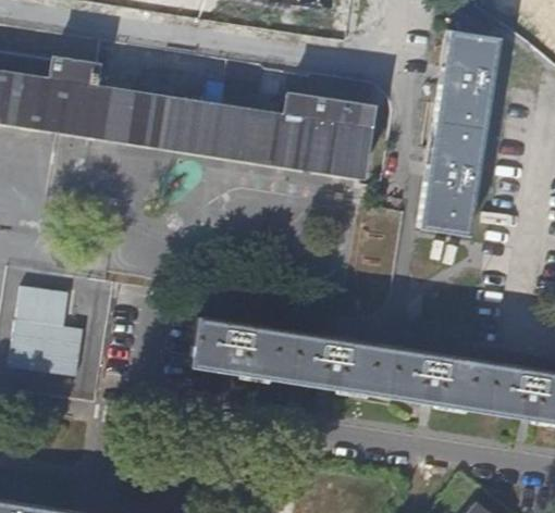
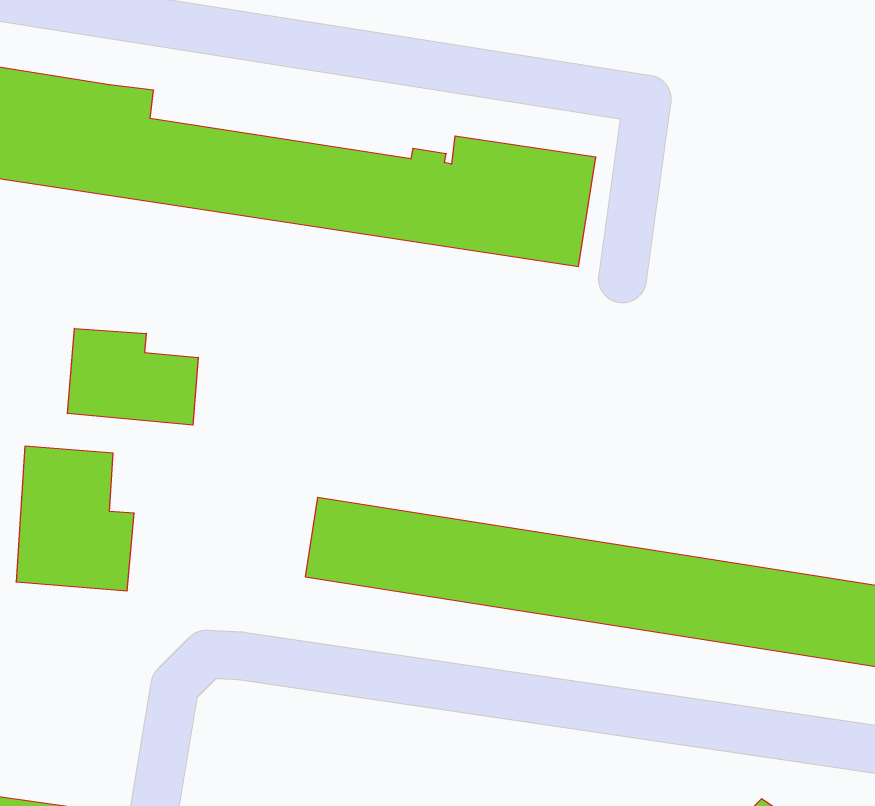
building: [420,32,496,237] -> none
building: none -> [68,328,198,425]

